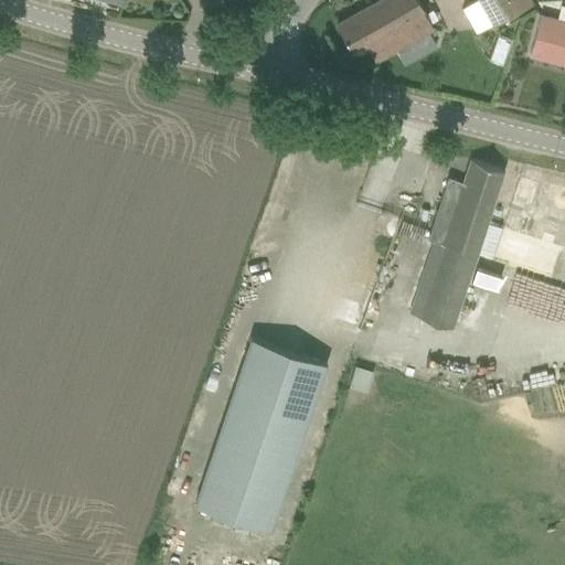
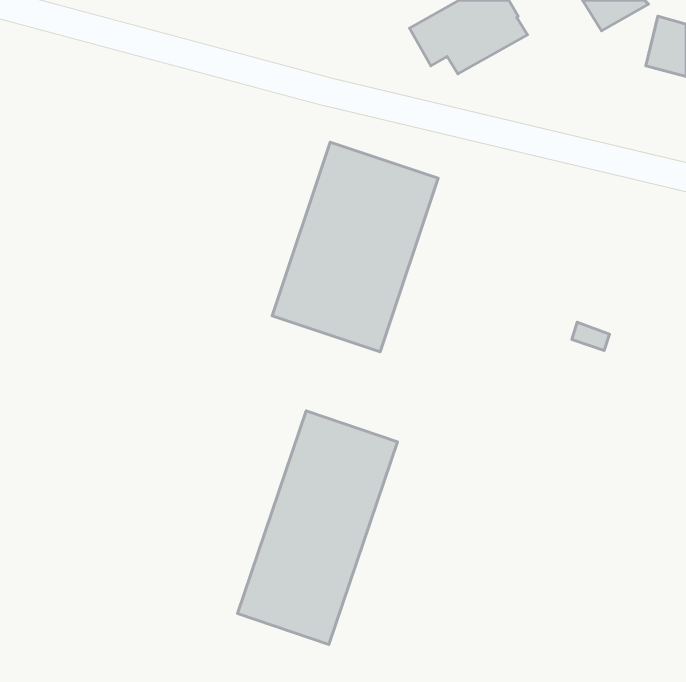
building: none -> [272,142,438,352]
building: [412,161,504,326] -> none

